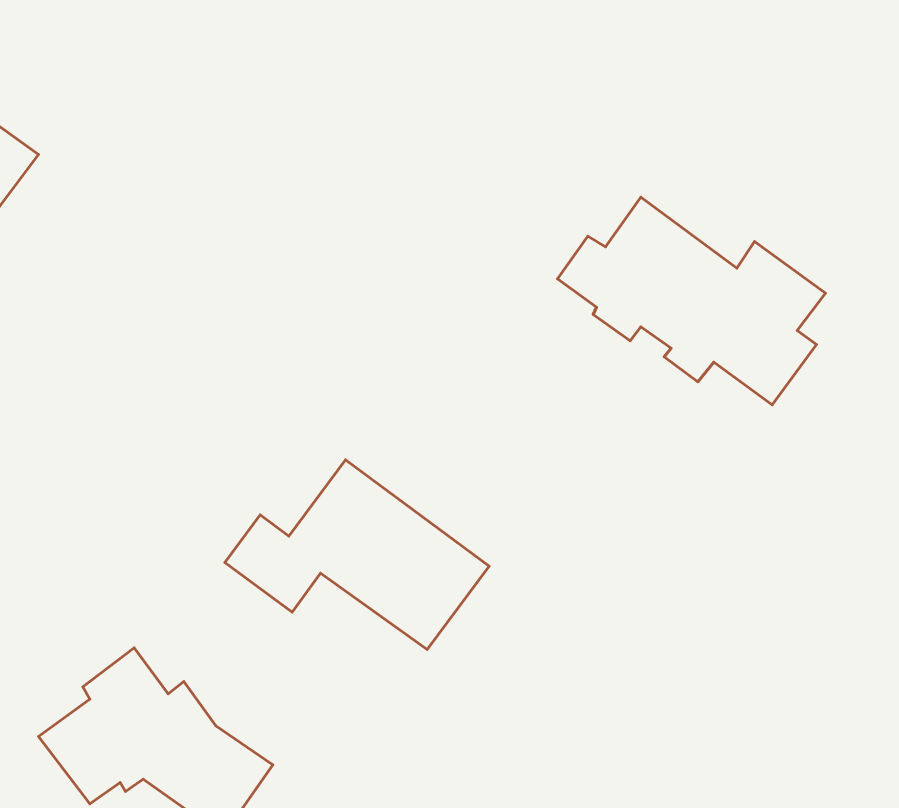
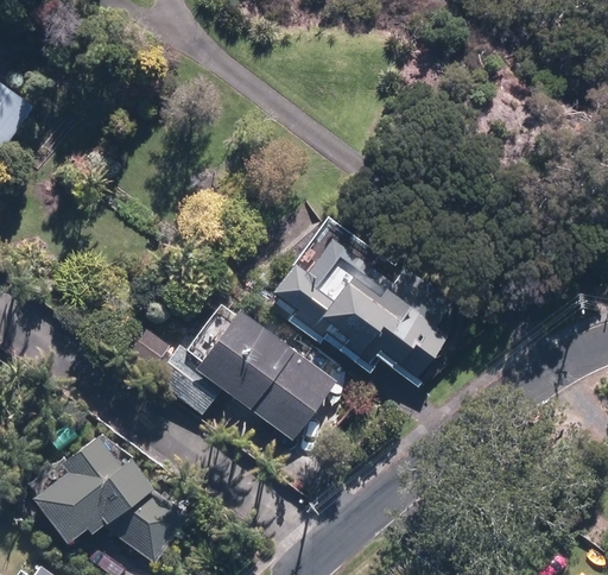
building: [558,197,826,405] -> [276,235,455,374]

